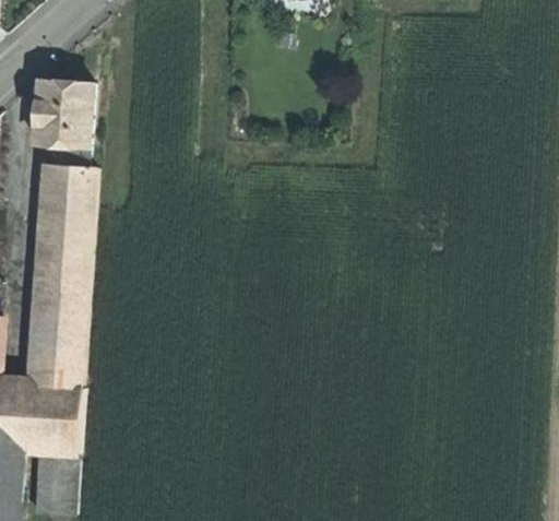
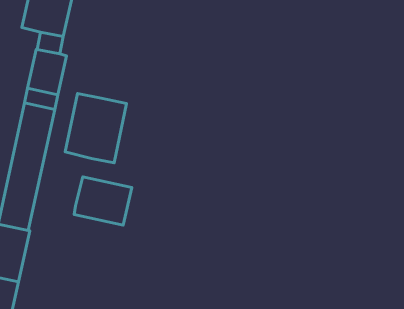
building: none -> [65,94,127,163]
building: none -> [74,177,132,225]

